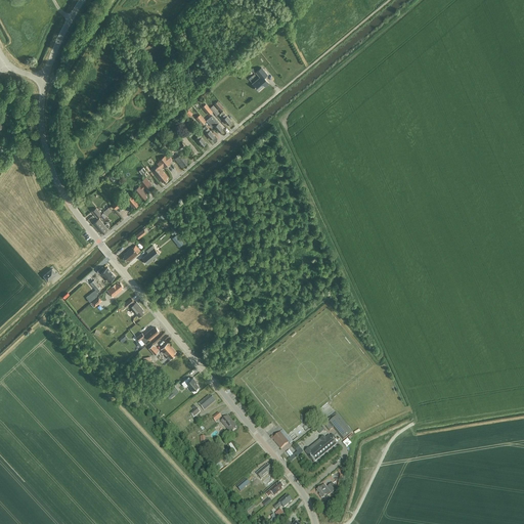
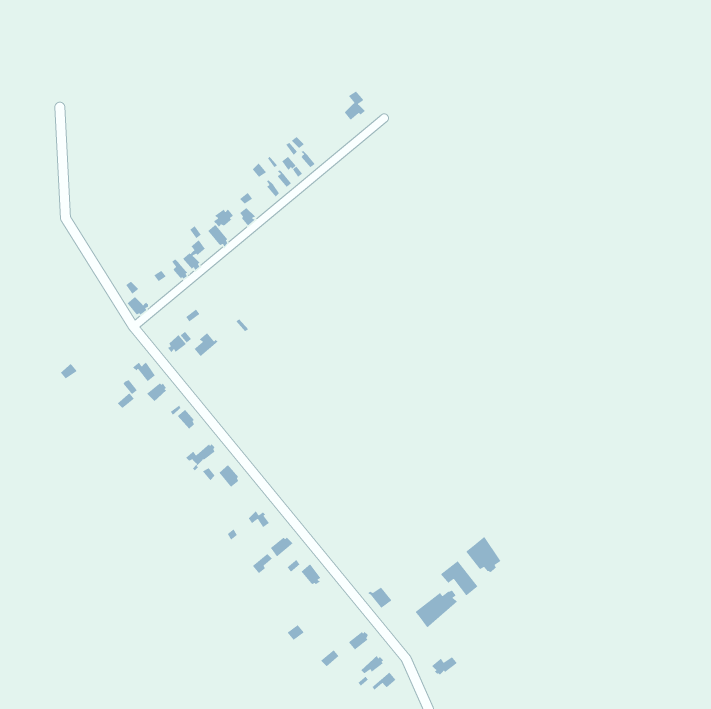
building: none -> [465,536,501,573]

